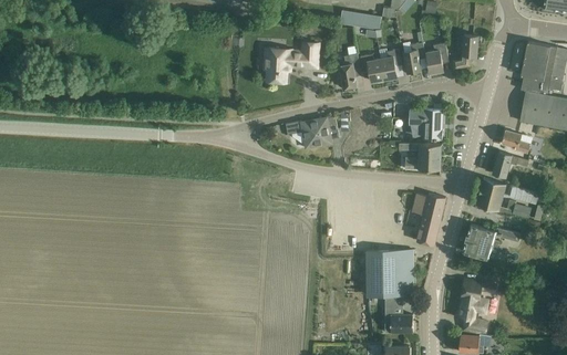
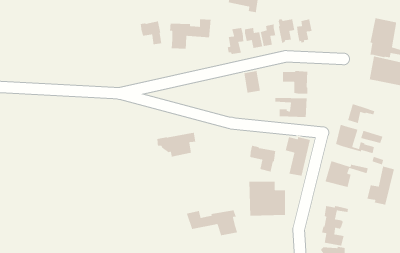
building: [451,34,481,69] -> none
building: none -> [140,21,162,45]
building: [286,115,337,148] -> [156,132,196,158]
building: [501,129,532,153] -> none
building: none -> [250,145,276,172]
building: none -> [367,165,395,205]
building: none -> [186,209,238,236]
building: [384,296,412,332] -> none

